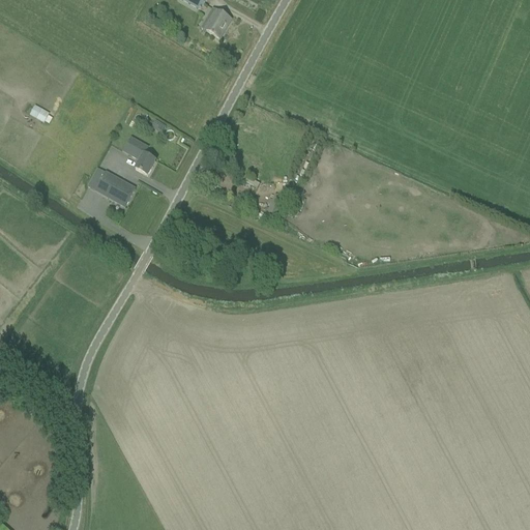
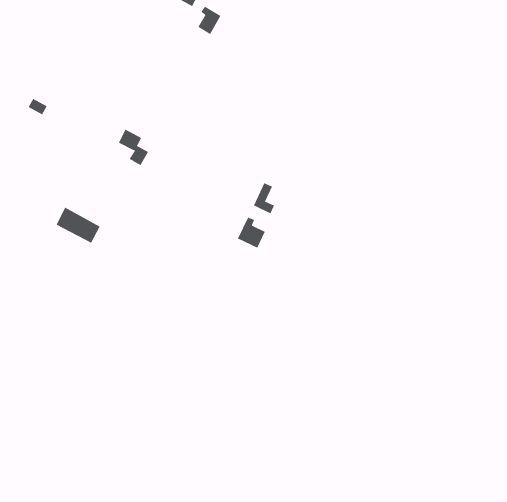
building: [88,166,135,204] -> [56,207,100,244]
building: none -> [237,217,265,249]

